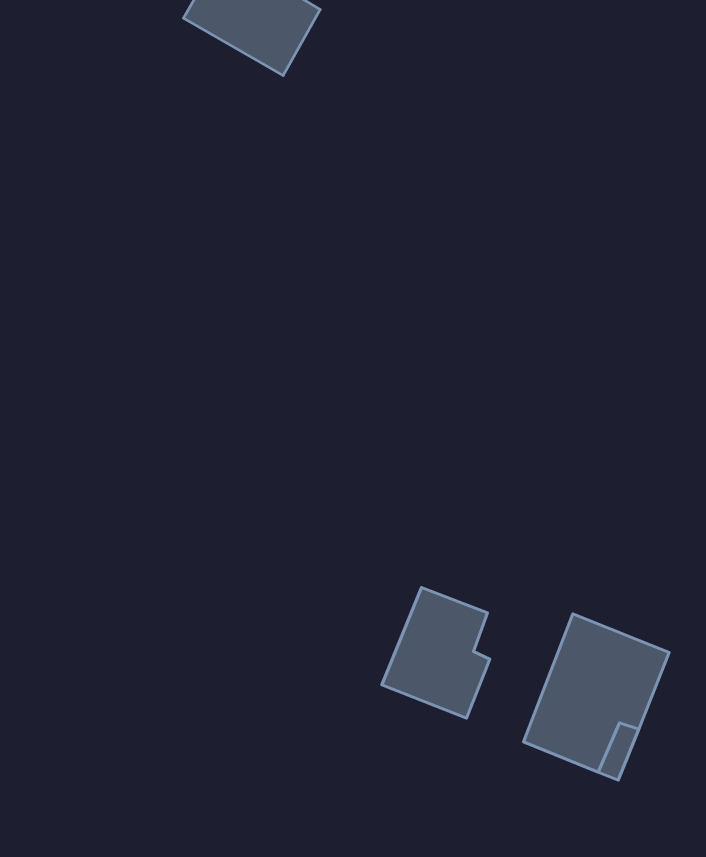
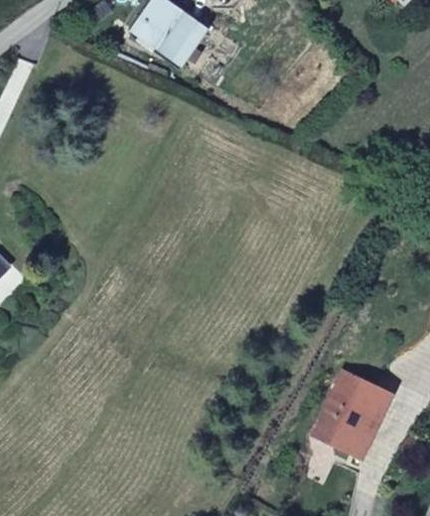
building: [382,587,490,718] -> none

